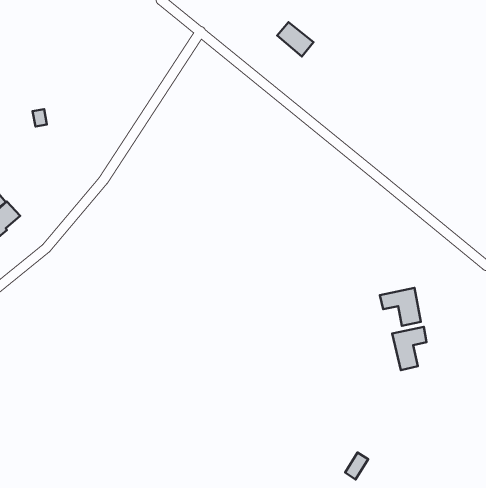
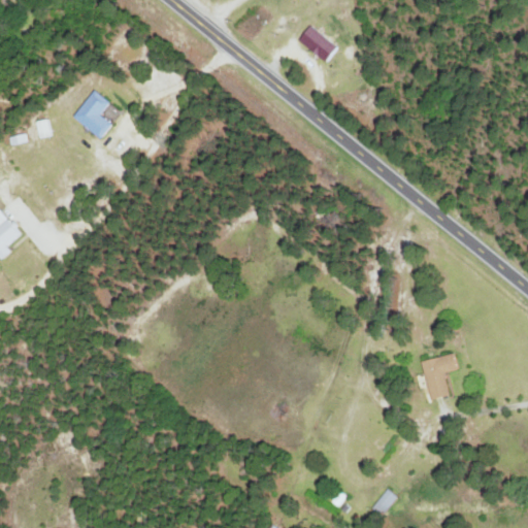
building: none -> [73,90,113,139]
building: [380,288,421,326] -> none

